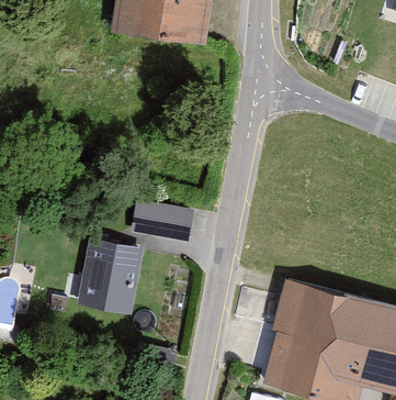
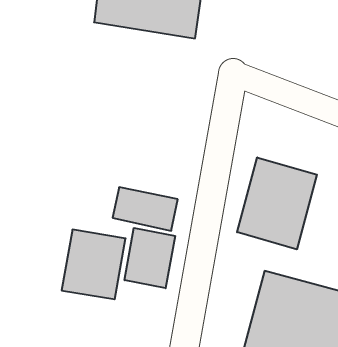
building: none -> [237,157,317,249]
building: none -> [125,228,175,288]

